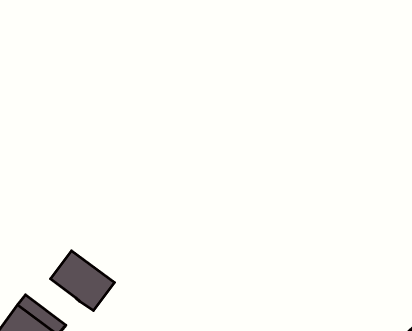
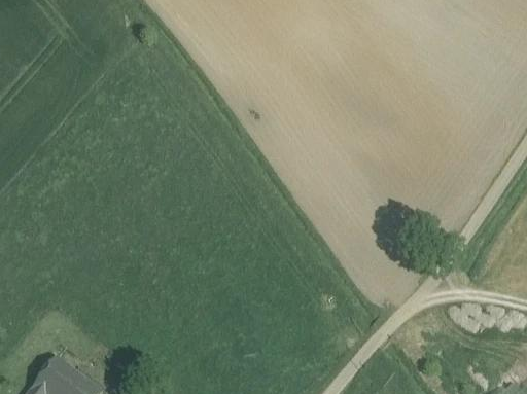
building: [50,251,115,310] -> none

